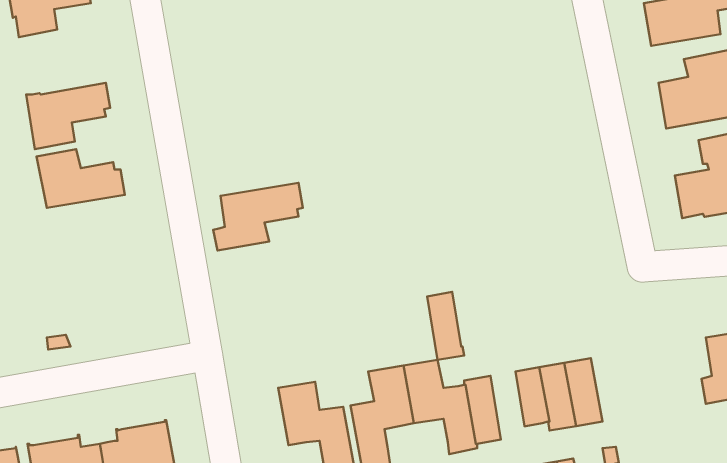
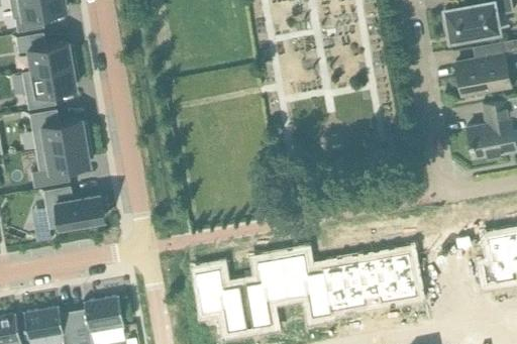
building: none -> [16,34,77,74]
building: [213,183,303,250] -> [31,142,93,189]
building: none -> [43,188,104,232]
building: [427,292,464,360] -> [340,263,366,310]

